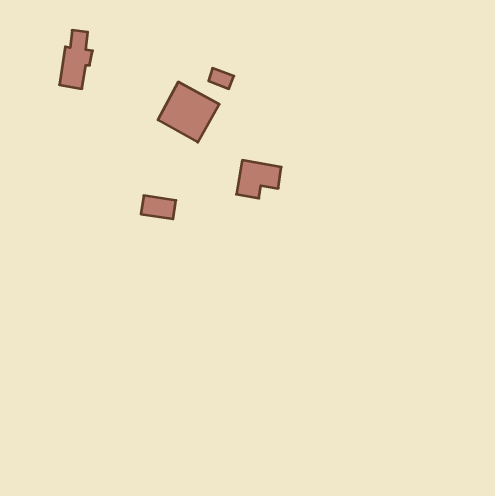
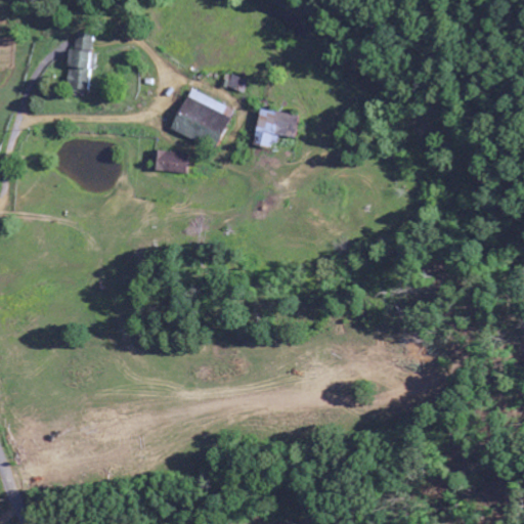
building: [236,160,281,198] -> [253,108,300,148]
building: [141,196,176,219] -> [149,149,186,174]

